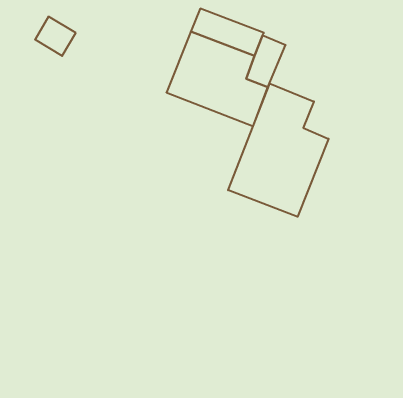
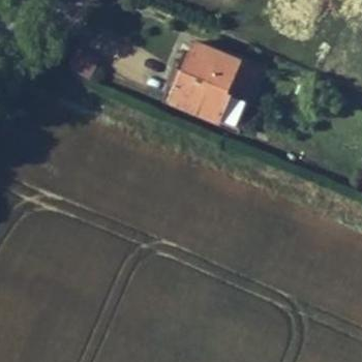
building: [228,84,329,217] -> none

